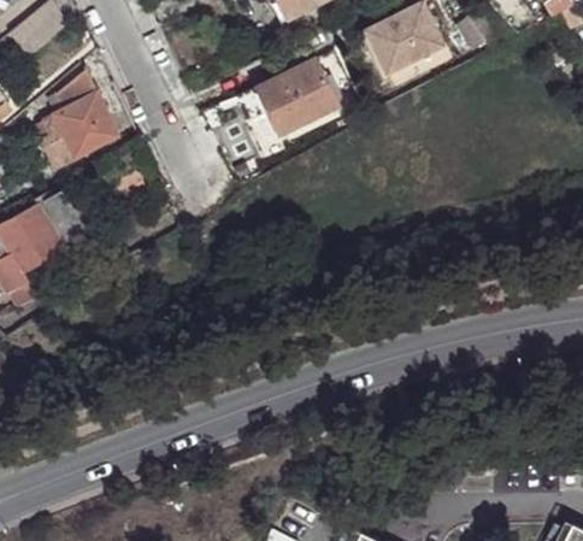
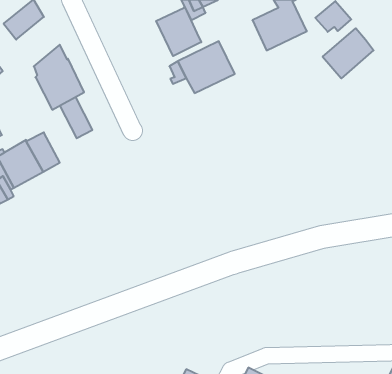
building: none -> [156,6,201,56]
building: none -> [323,28,374,78]
building: [29,112,76,171] -> [60,97,92,138]

